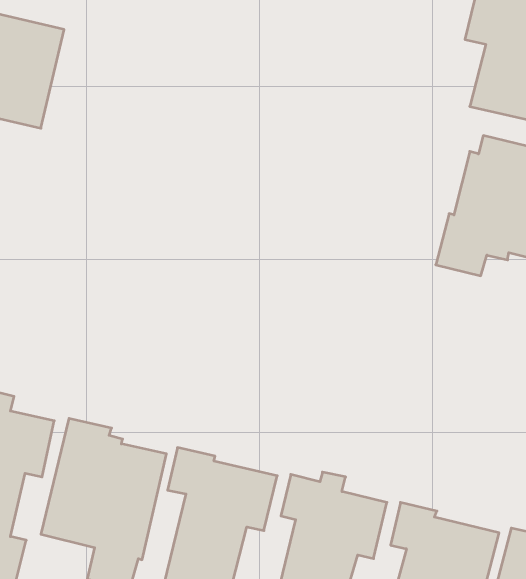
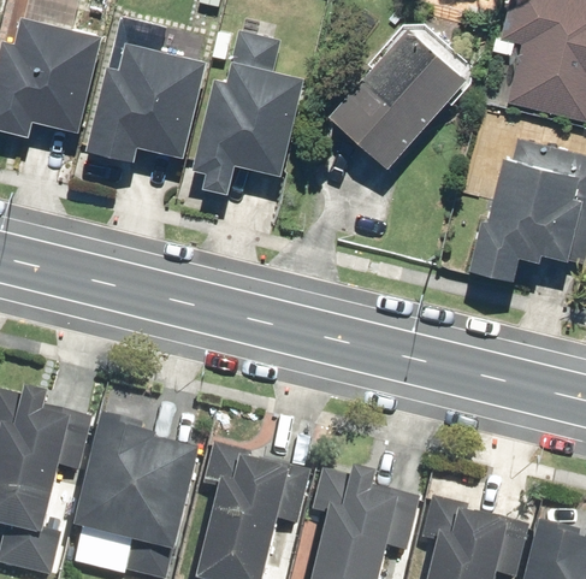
building: none -> [328,25,466,166]
building: none -> [193,30,304,193]
building: none -> [87,40,206,159]

